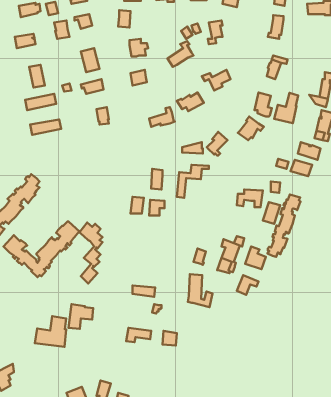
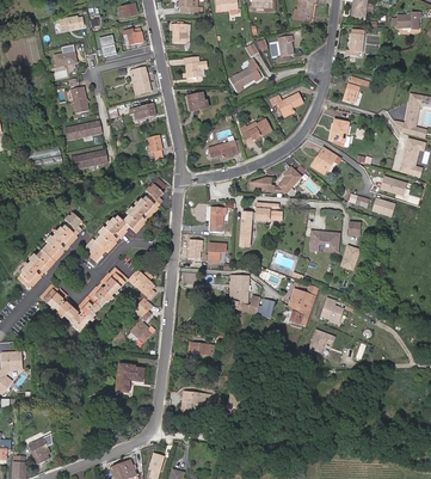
building: [274,93,298,123] -> none
building: none -> [82,184,162,260]
building: [268,195,300,257] -> none
building: [188,274,213,307] -> [230,275,259,313]
building: [35,316,66,347] -> none

